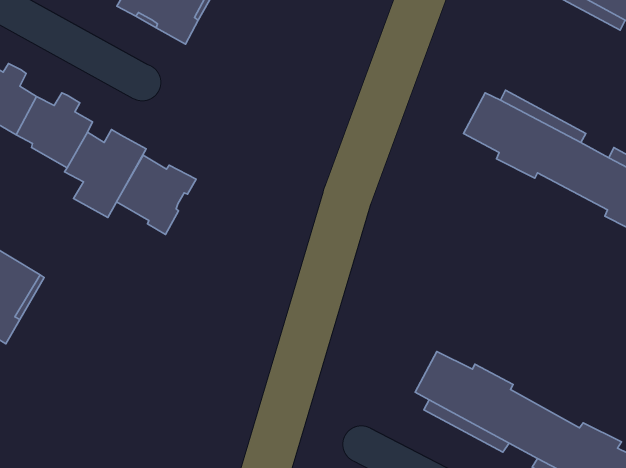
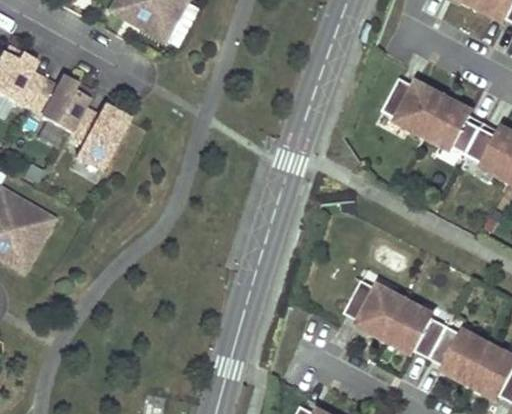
building: [117,155,196,234] -> none

